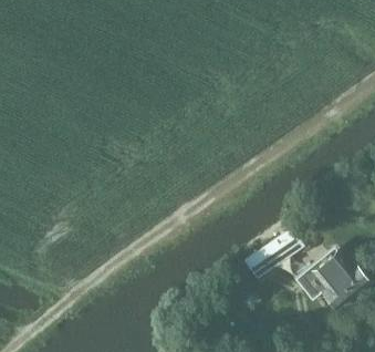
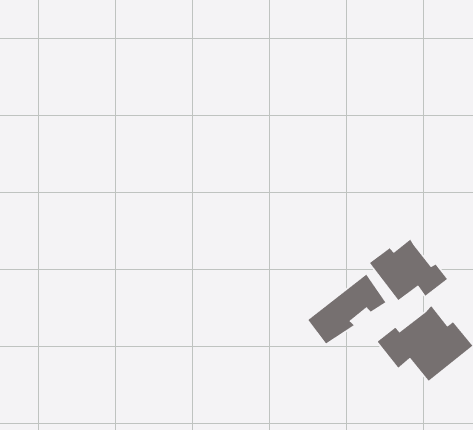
building: none -> [369,239,448,301]

